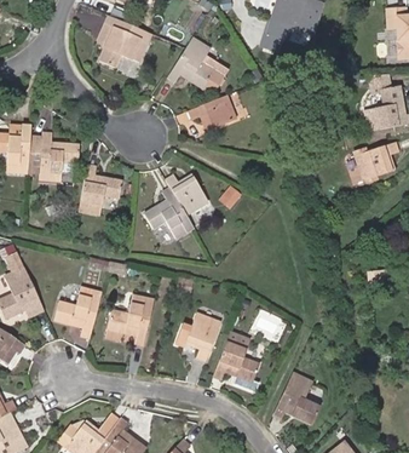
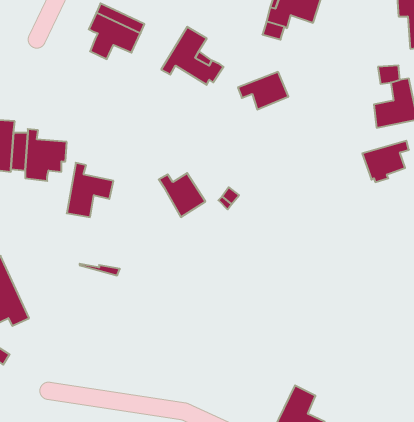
building: [189,96,236,131] -> [238,72,288,110]
building: [144,188,194,239] -> none
building: [54,288,100,338] -> none
building: [105,296,154,346] -> none
building: [173,314,220,360] -> none
building: [213,332,260,394] -> none

